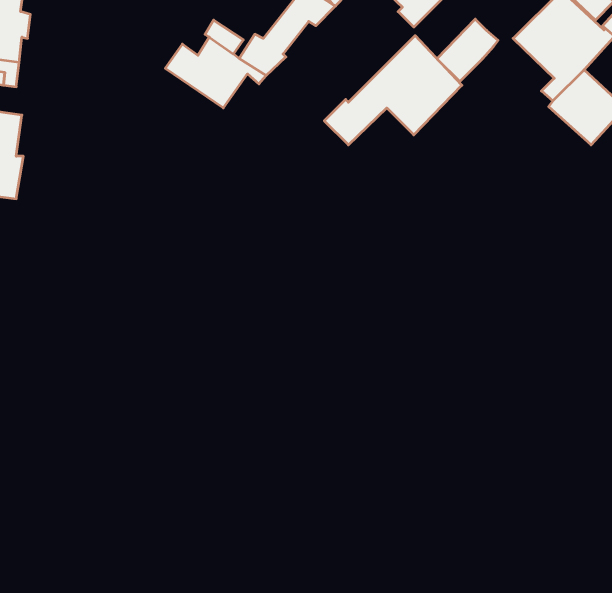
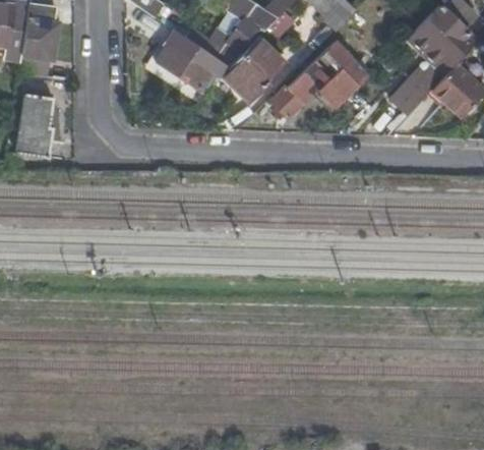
building: [437,19,498,81] -> [389,70,433,115]
building: none -> [221,37,286,101]

